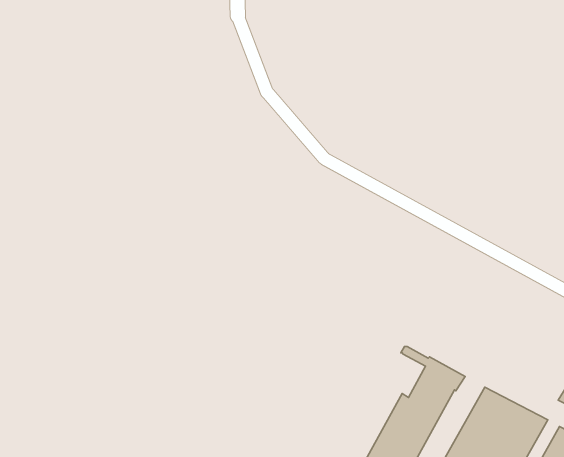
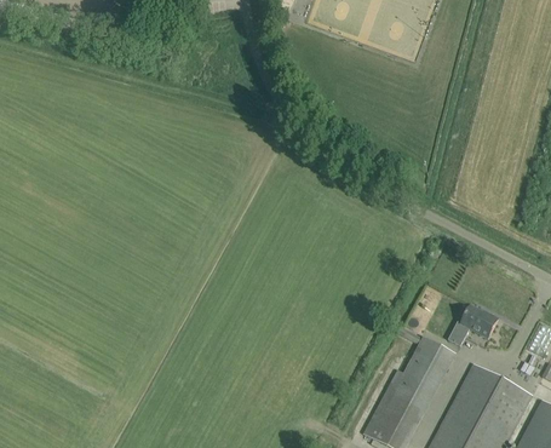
building: none -> [447,306,498,346]

